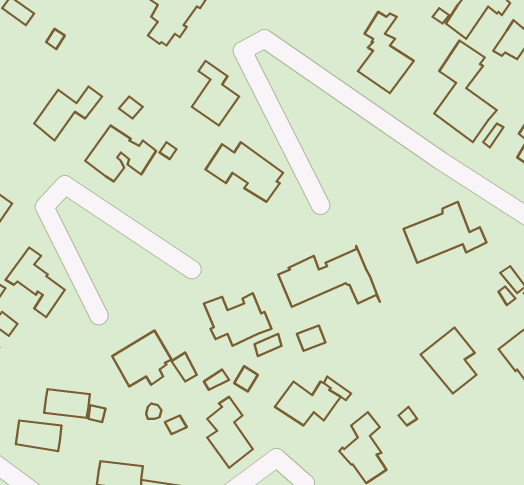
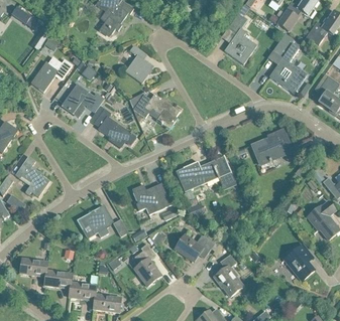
building: none -> [89,105,135,147]
building: [421,327,476,394] -> [281,242,315,281]
building: [44,389,90,418] -> [43,270,71,287]

